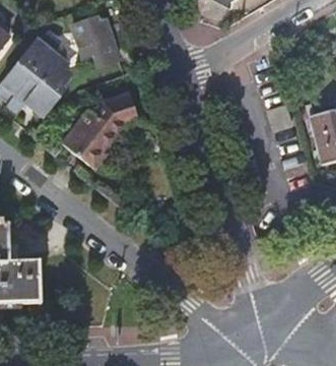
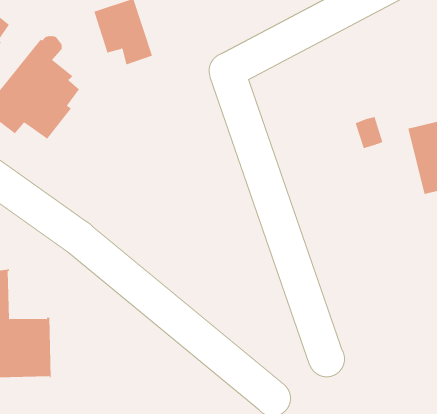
building: [65,92,142,169] -> none

